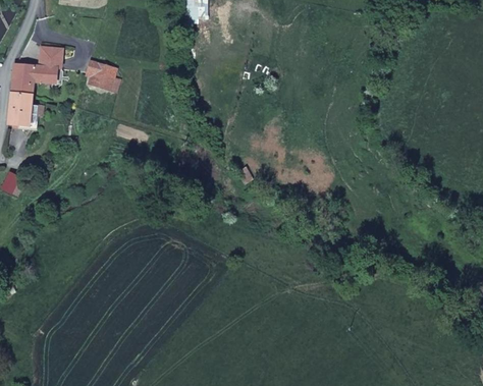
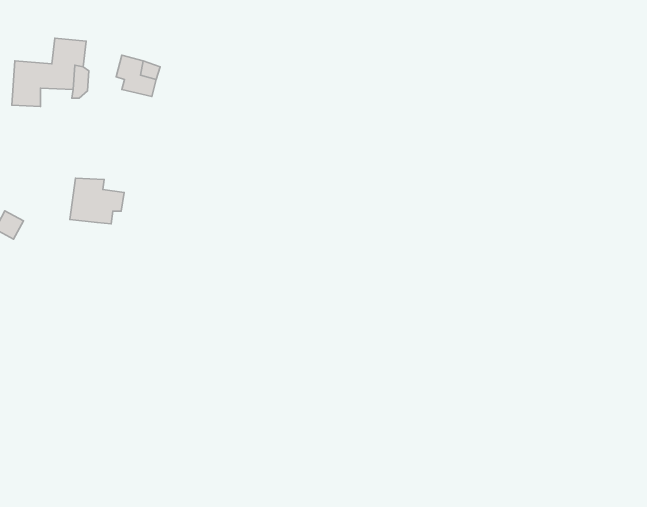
building: [7,95,46,127] -> [70,178,124,224]

